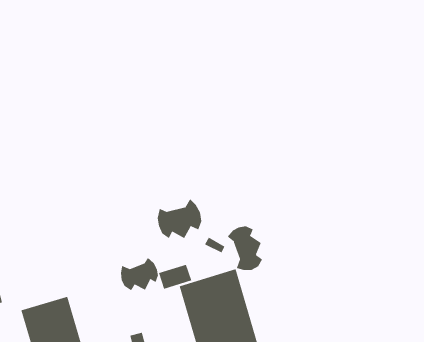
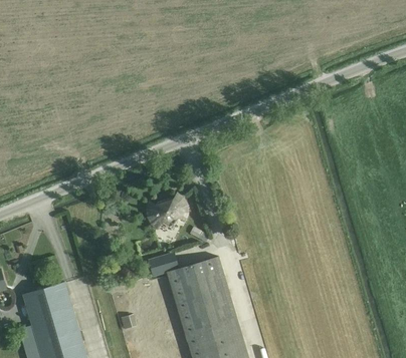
building: [227,226,263,271] -> none
building: [120,257,159,291] -> none

